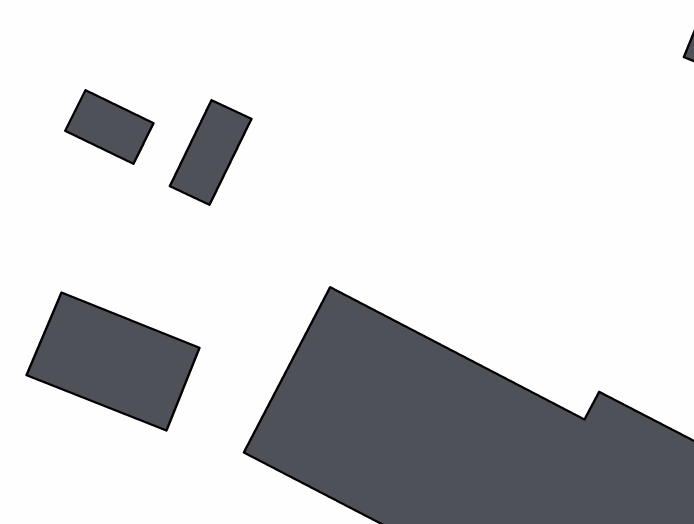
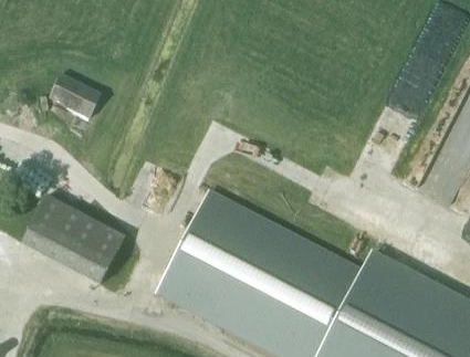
building: [170,100,251,205] -> none

